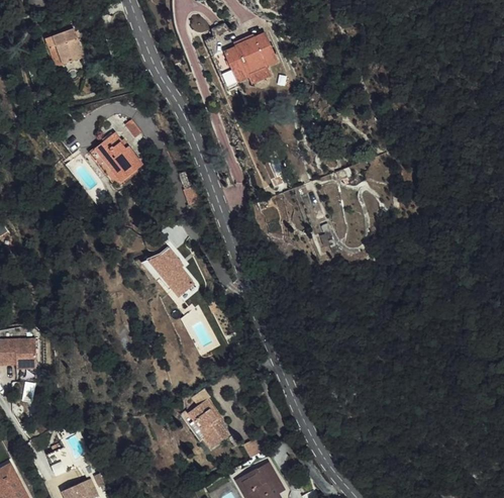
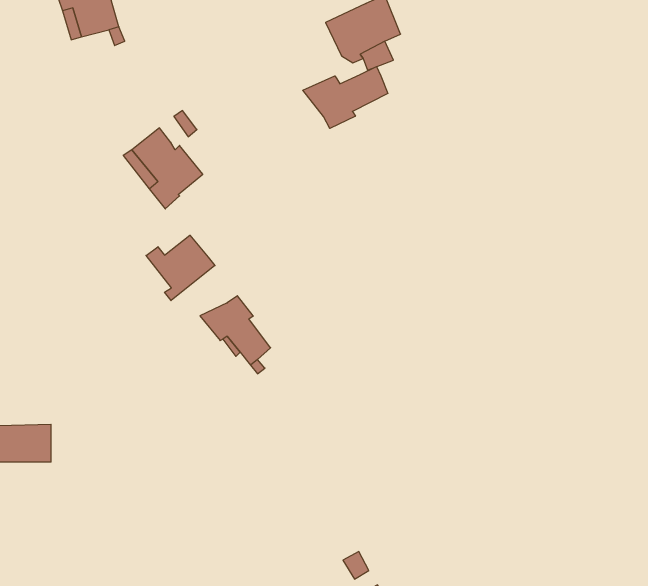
building: none -> [303,67,388,128]
building: none -> [146,235,215,301]
building: [179,392,226,441] -> none

